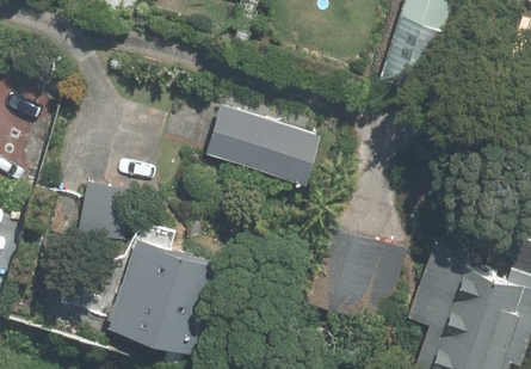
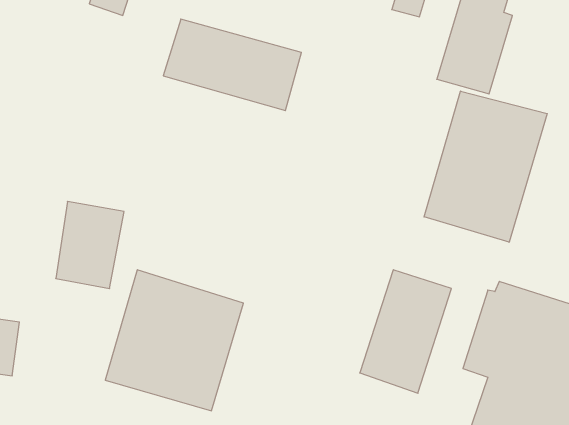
building: none -> [424,91,547,242]
building: [202,106,315,182] -> [163,19,301,111]

